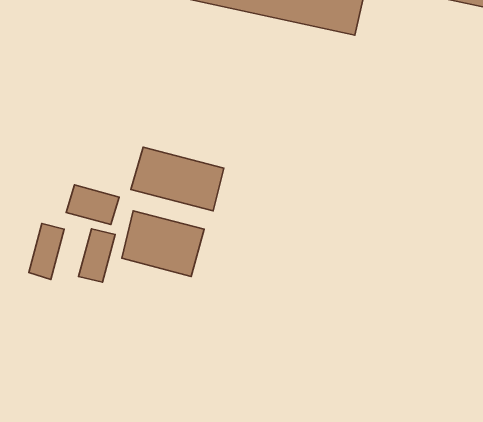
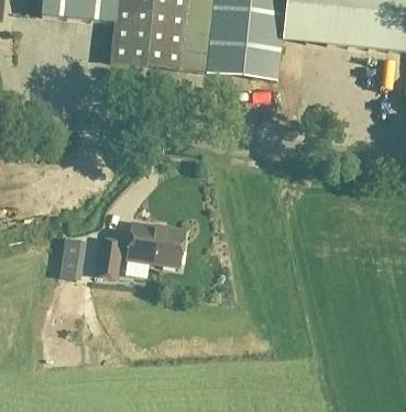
building: [131,147,224,211] -> none
building: [66,185,119,225] -> none

